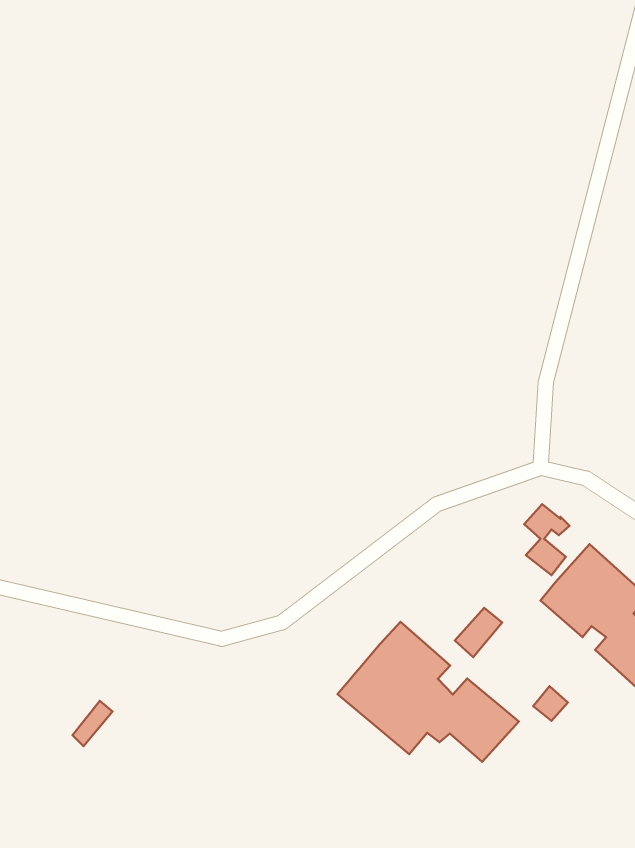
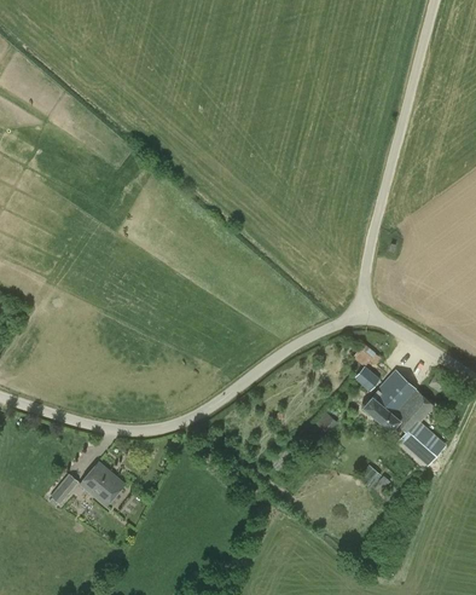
building: [338,622,519,762] -> none
building: none -> [80,462,123,506]

